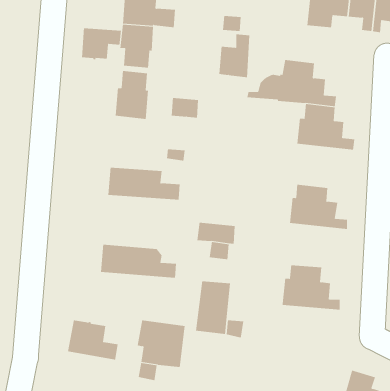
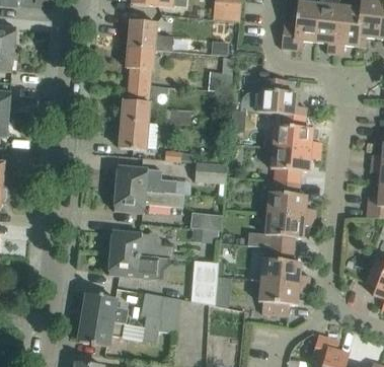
building: [82,27,121,60] -> none
building: none -> [120,124,148,150]
building: none -> [271,147,320,184]
building: none -> [195,163,225,184]
building: none -> [113,190,183,213]
building: none -> [247,213,315,249]
building: none -> [108,253,171,280]
building: none -> [247,279,309,316]
building: none -> [79,319,123,346]

